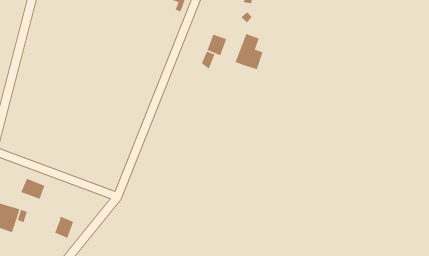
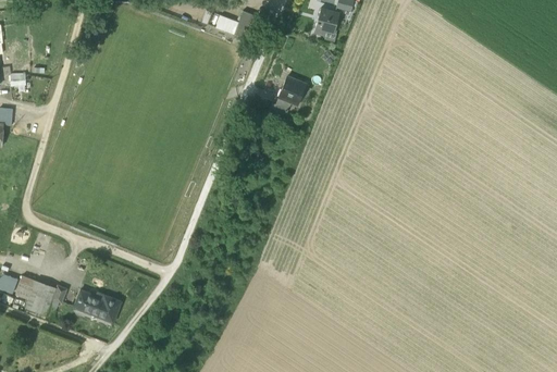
building: [235,33,264,70] -> none
building: [20,178,46,200] -> [73,289,103,315]

